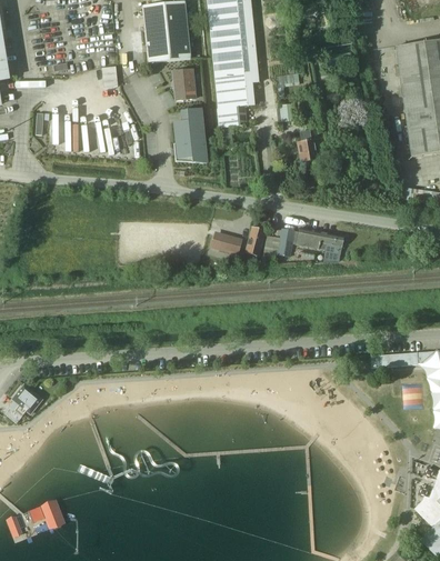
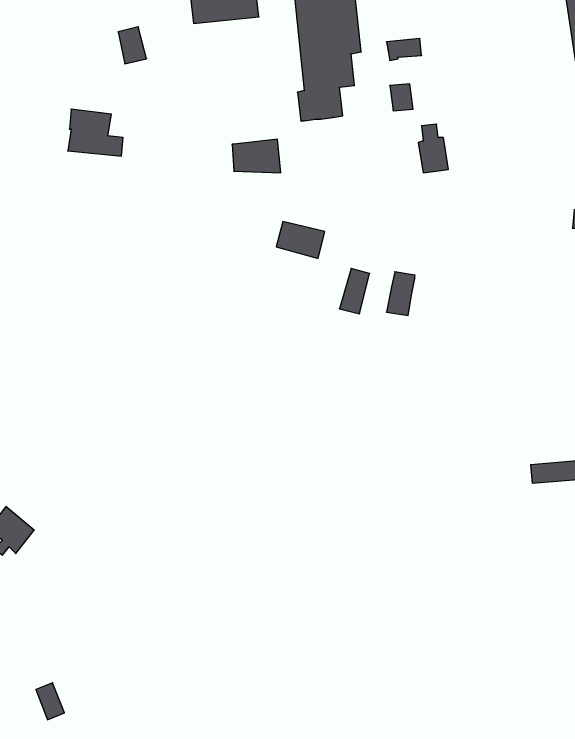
building: [172,69,194,100] -> none
building: [172,108,203,143] -> none
building: [296,228,344,262] -> none
building: [209,230,241,254] -> [276,222,325,258]

